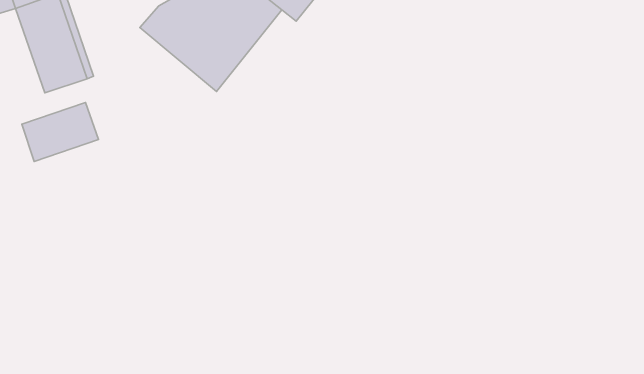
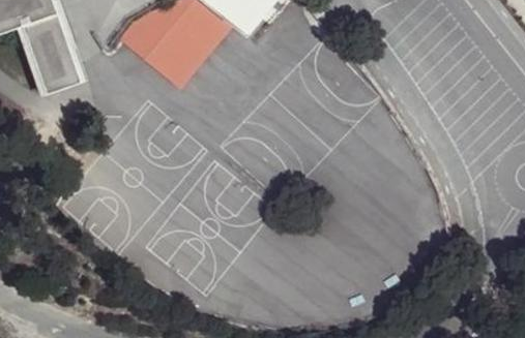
building: [22,103,99,162] -> none

